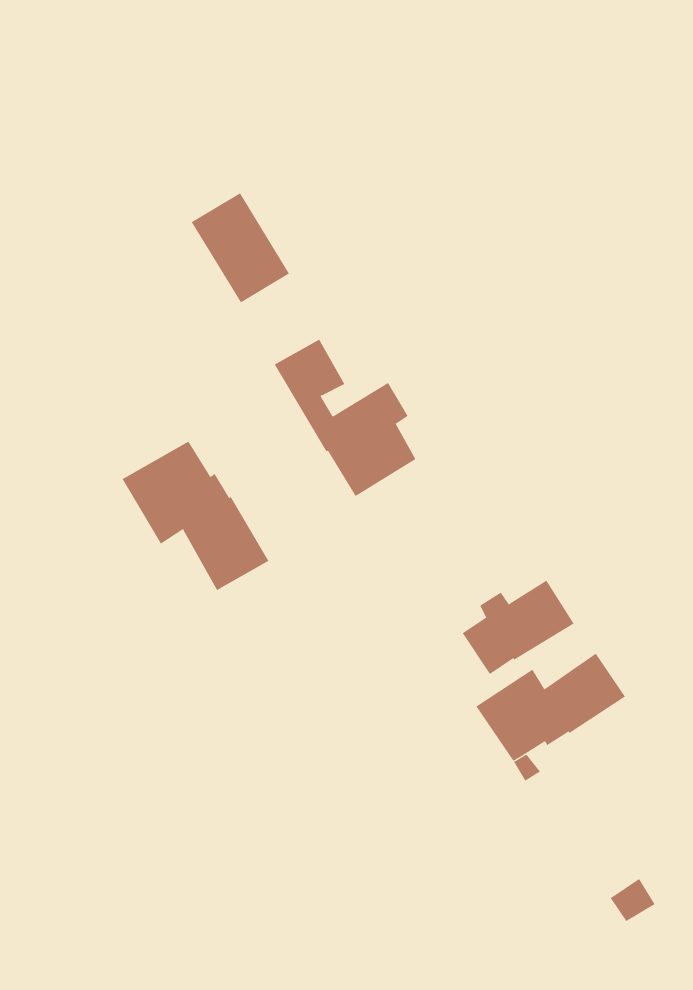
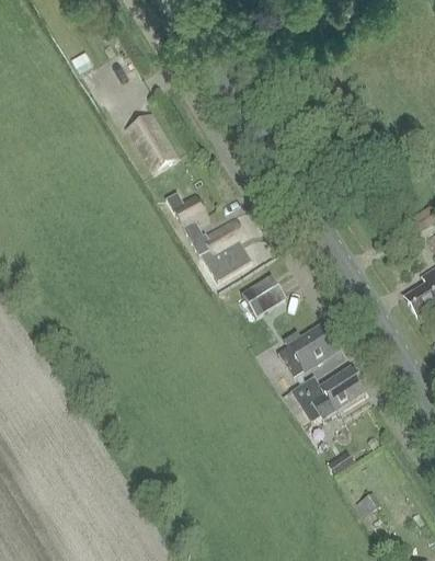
building: [122,441,269,591] -> none
building: none -> [240,274,286,318]

